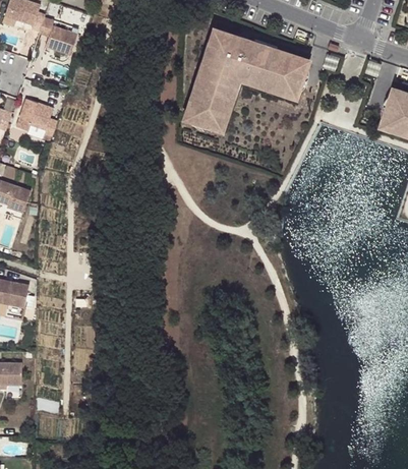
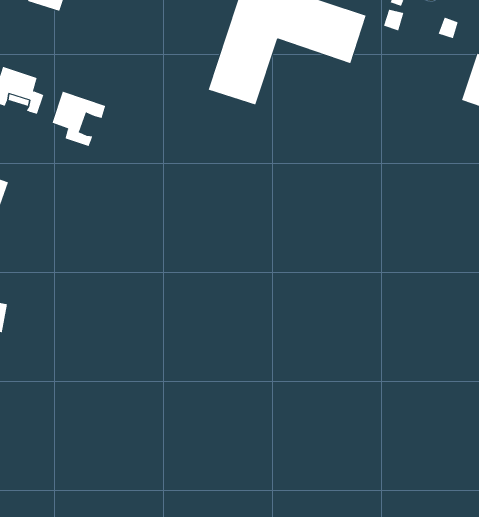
building: none -> [52,91,106,147]

